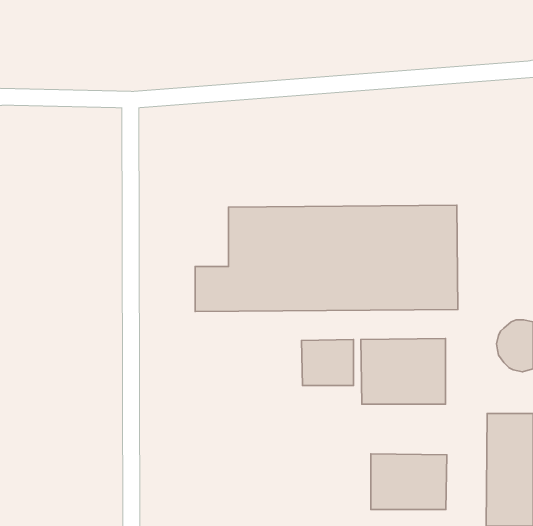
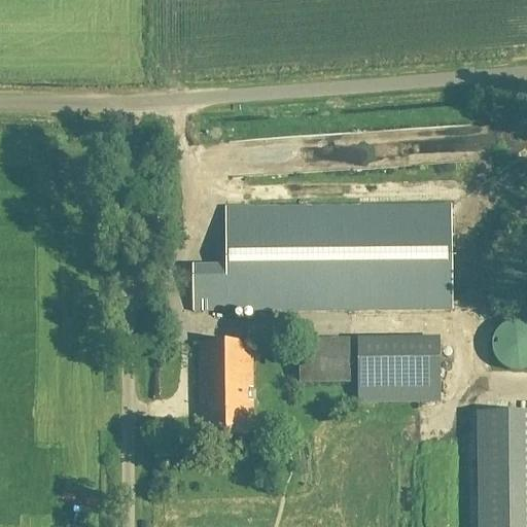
building: none -> [198,340,252,431]
building: [371,454,447,509] -> none

